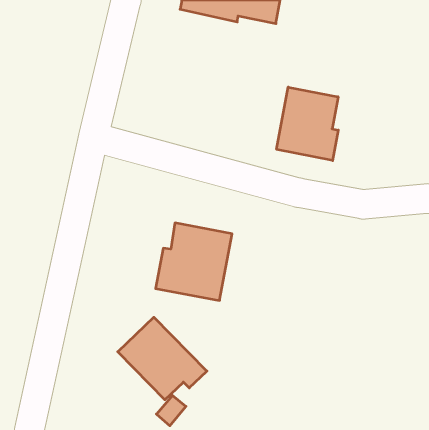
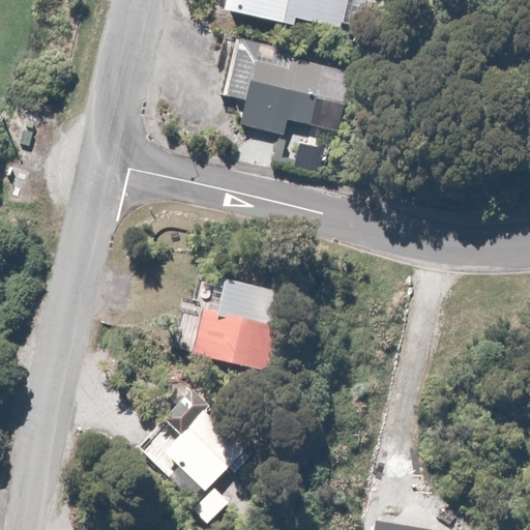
building: none -> [225,41,325,132]
building: [277,87,338,161] -> none

